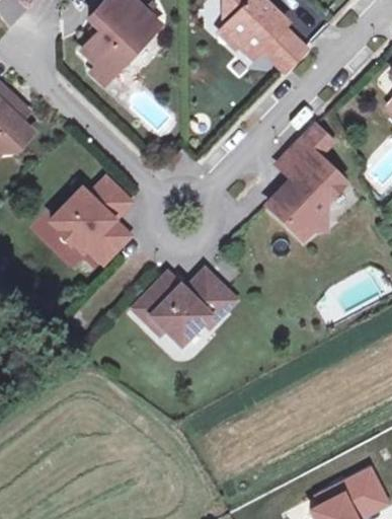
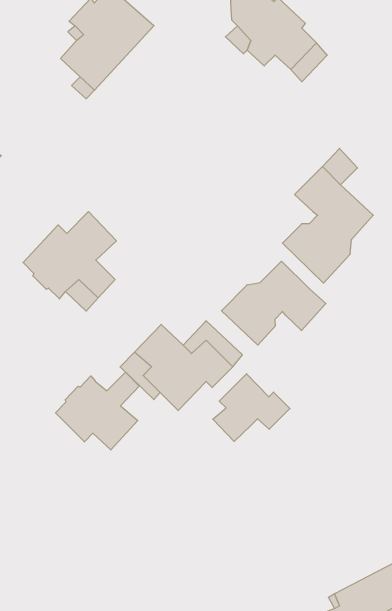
building: none -> [221,261,326,345]
building: none -> [56,372,139,450]
building: none -> [213,374,290,441]

